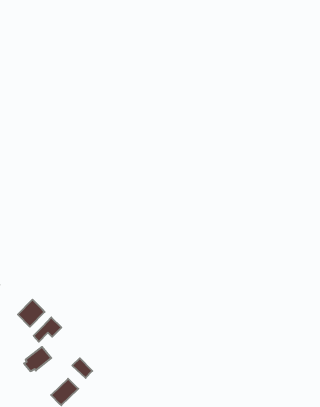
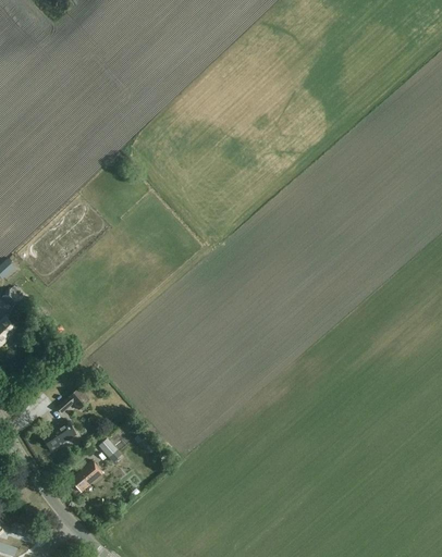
building: [18,300,45,327] -> none

